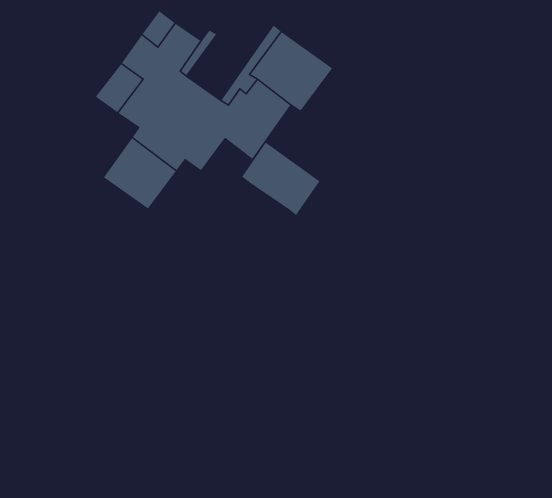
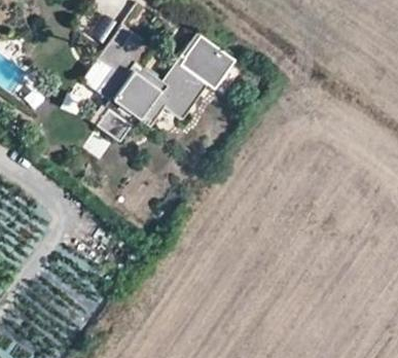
building: [241,142,321,216] -> none

